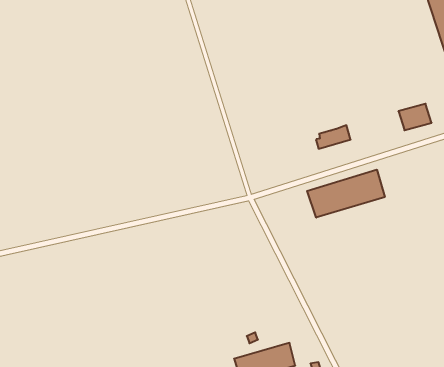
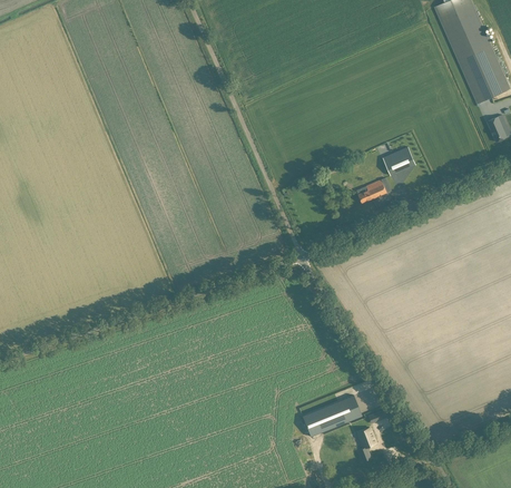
building: [398,104,432,130] -> [383,147,416,175]
building: [307,170,385,218] -> none

